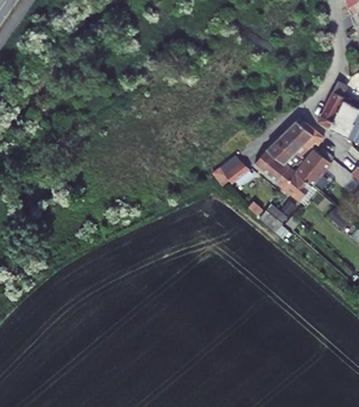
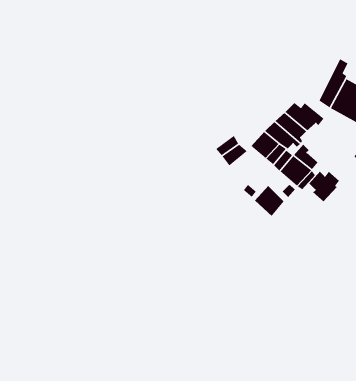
building: [300,151,329,180] -> [308,171,340,202]

